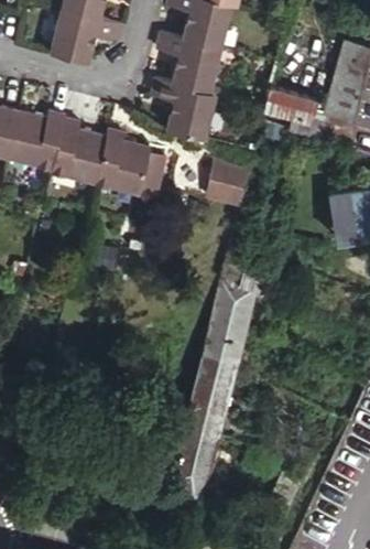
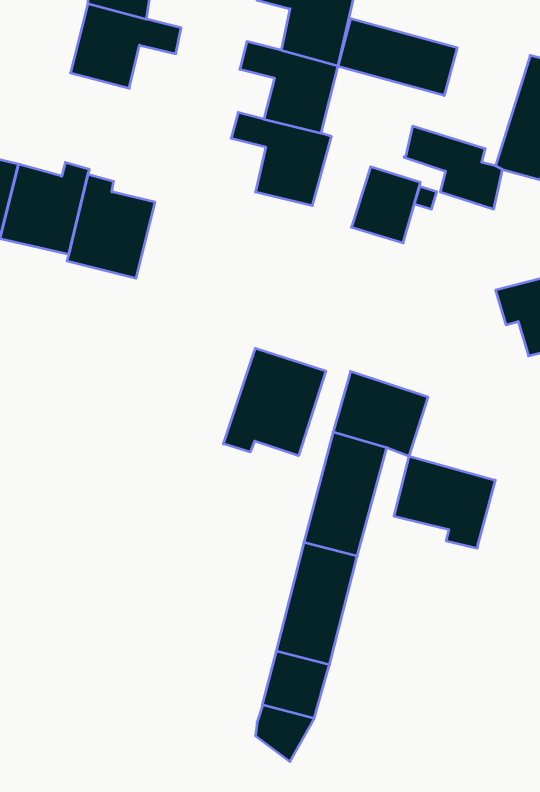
building: none -> [338,19,457,96]
building: [95,129,151,195] -> none
building: [202,155,246,204] -> [351,167,420,243]
building: none -> [223,348,326,456]
building: none -> [394,456,495,548]

